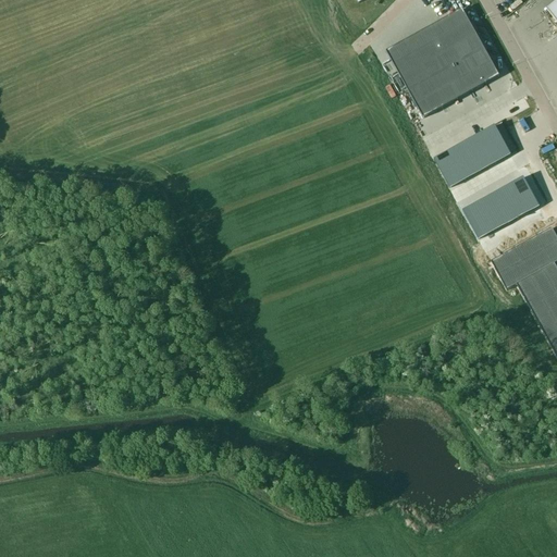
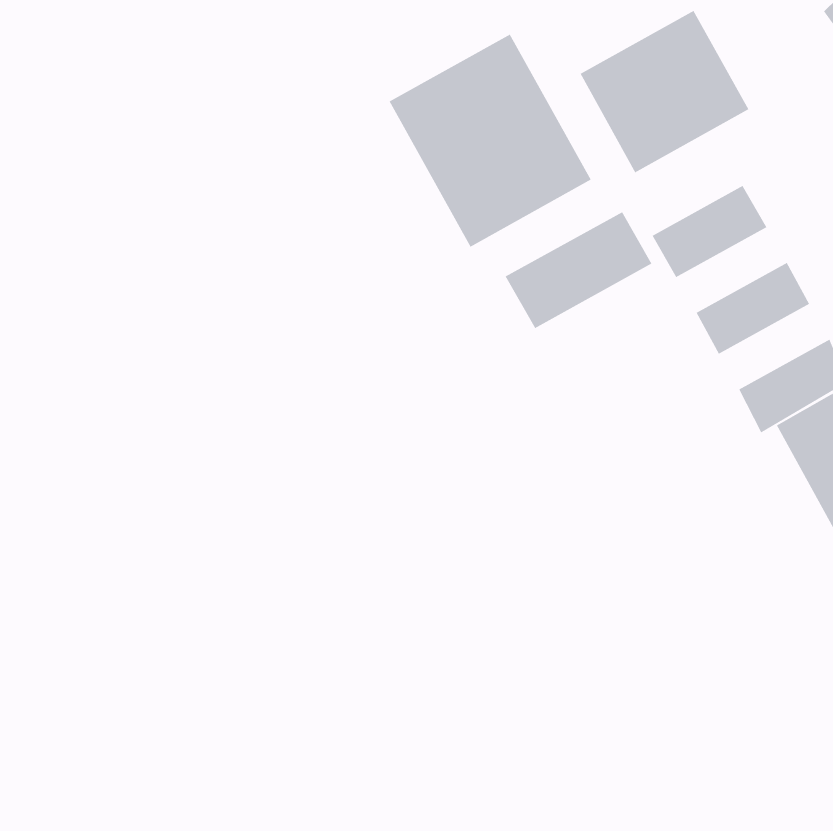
building: none -> [388,33,592,248]
building: none -> [505,211,652,329]

